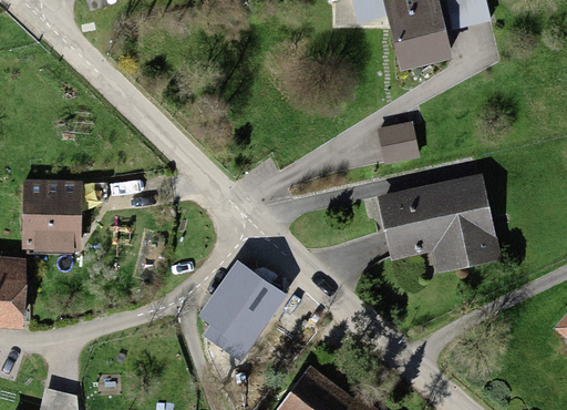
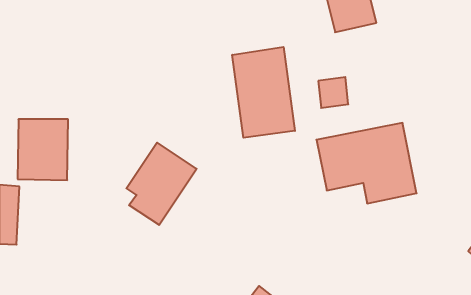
building: none -> [232,47,295,138]
building: [202,264,285,361] -> [126,143,197,225]

